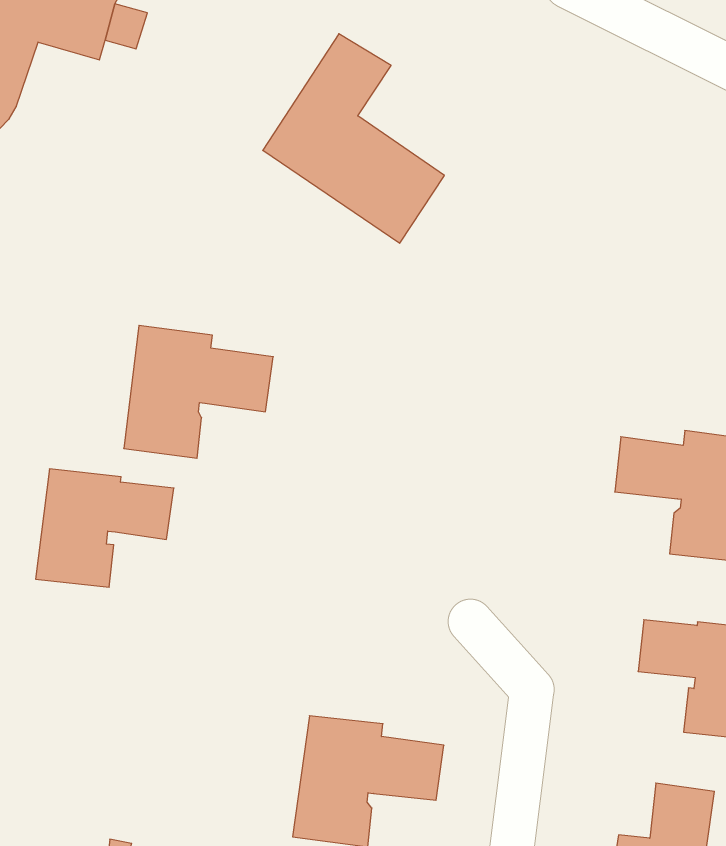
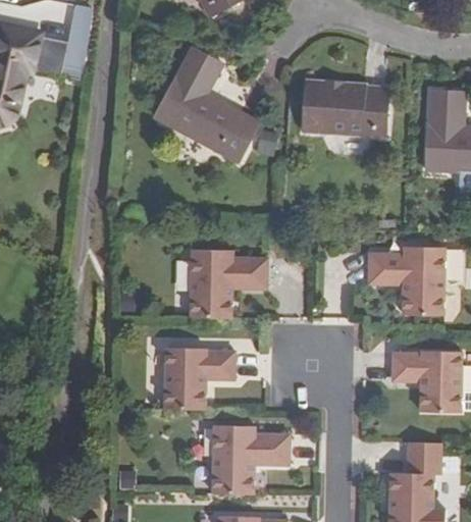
building: none -> [302,82,386,137]
building: [124,325,273,458] -> [191,249,267,318]
building: [36,469,174,587] -> [165,348,236,409]

